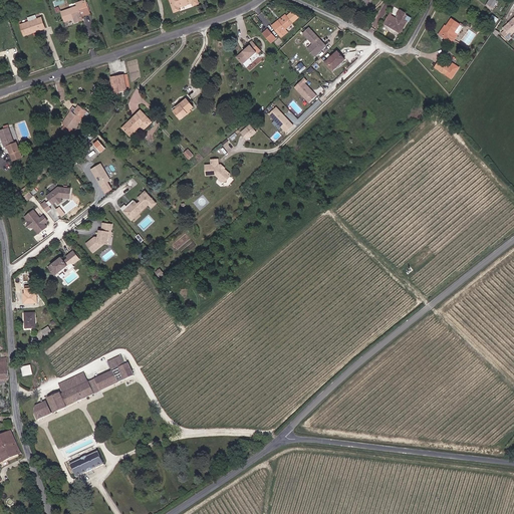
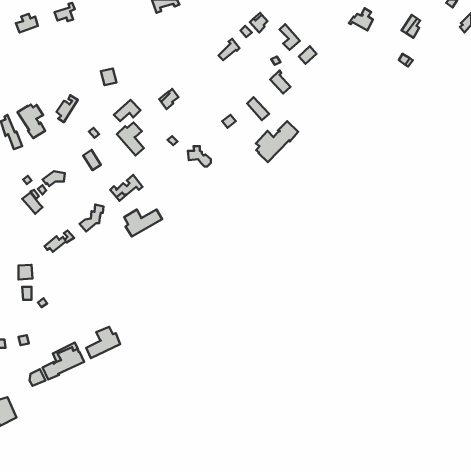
building: none -> [17,105,45,138]
building: none -> [256,121,298,162]
building: none -> [117,122,144,156]
building: none -> [124,209,162,237]
building: [69,450,101,475] -> none

